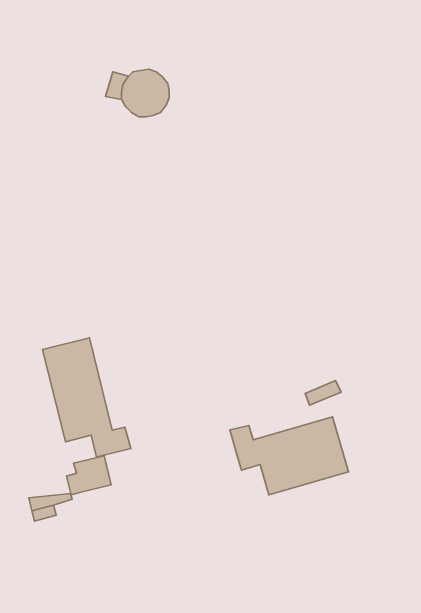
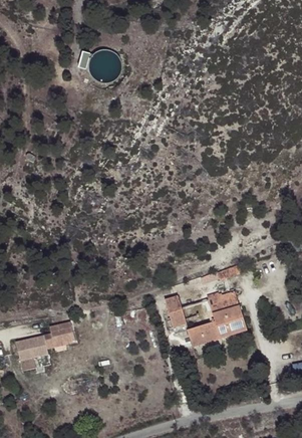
building: [43,338,131,457] -> none
building: none -> [21,330,53,347]

